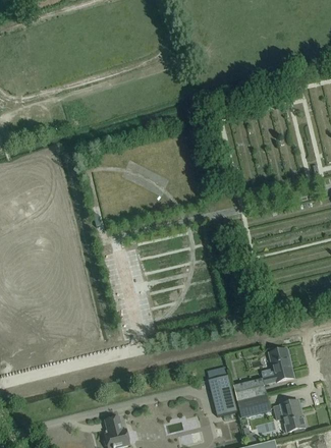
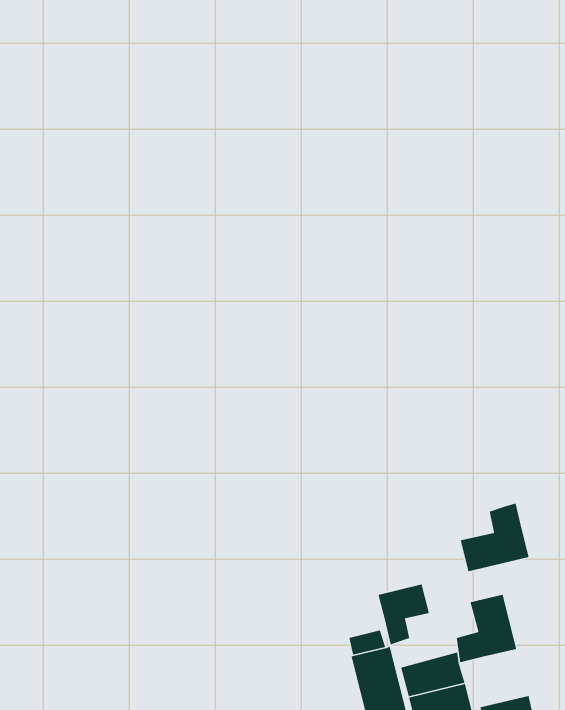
building: none -> [460,502,530,572]
building: none -> [378,584,430,645]

